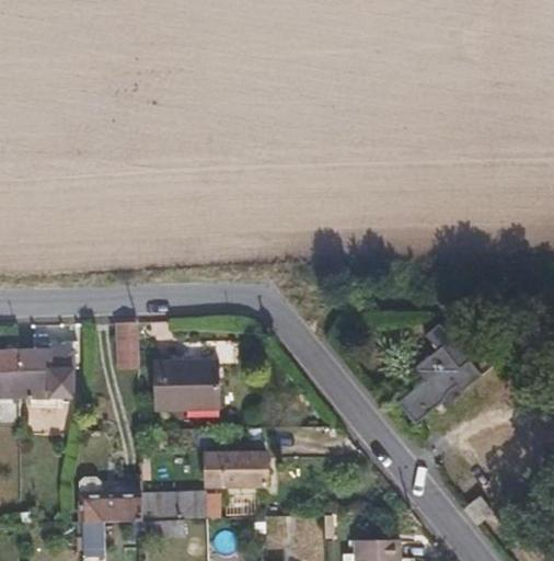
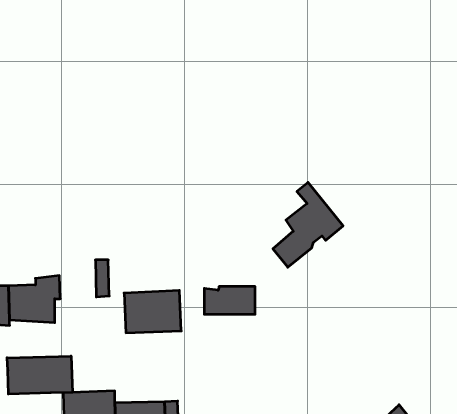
building: [396,323,480,424] -> [273,182,343,267]
building: none -> [7,356,72,394]
building: [205,454,265,486] -> [204,287,255,314]

